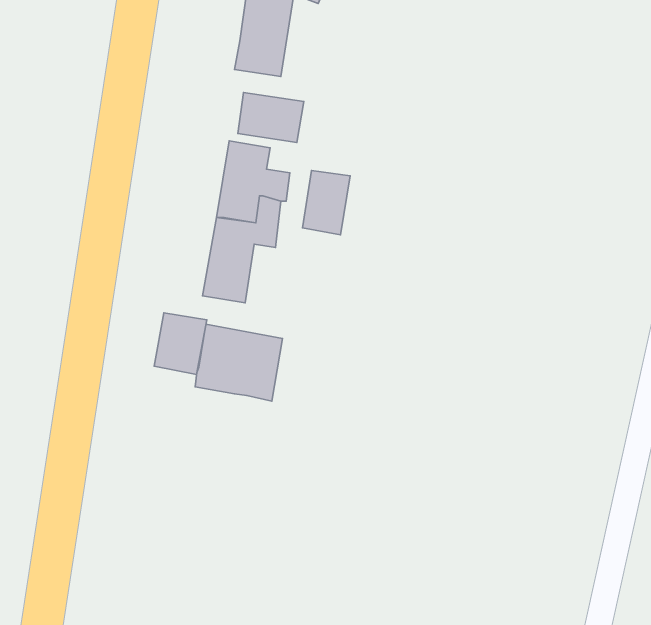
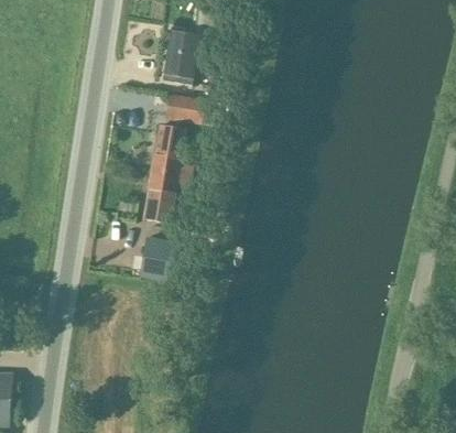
building: [302,171,350,235] -> none
building: [154,313,207,375] -> none

